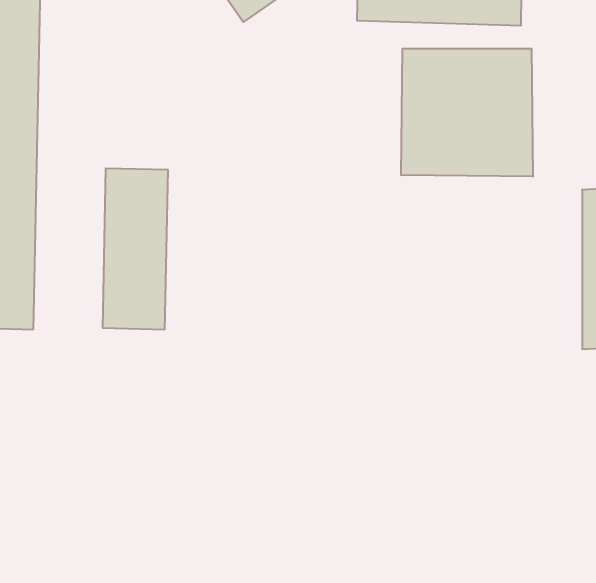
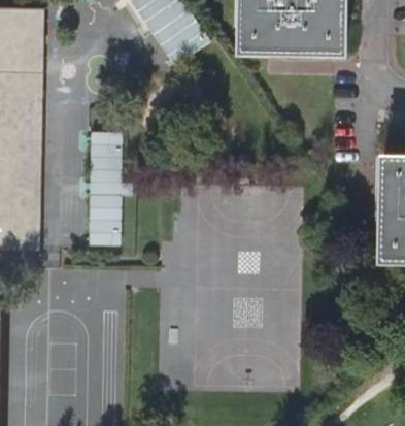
building: [401,49,533,177] -> none

